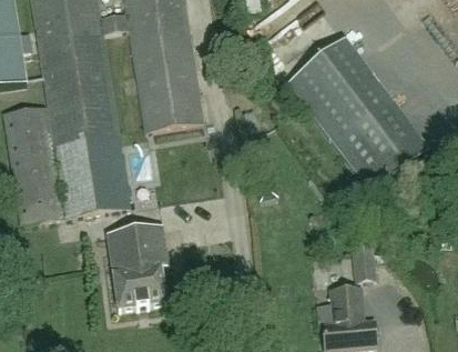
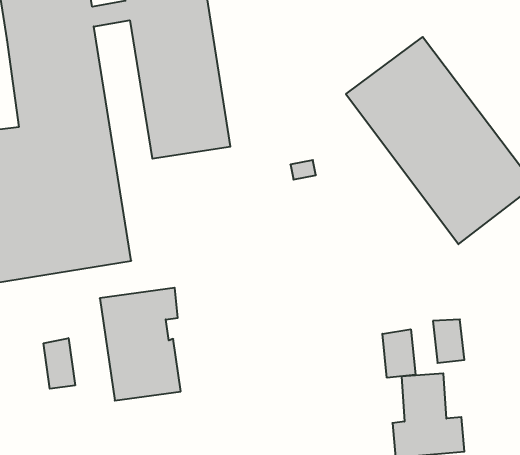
building: none -> [382,329,416,378]
building: none -> [44,338,75,389]

